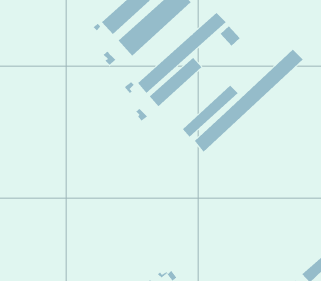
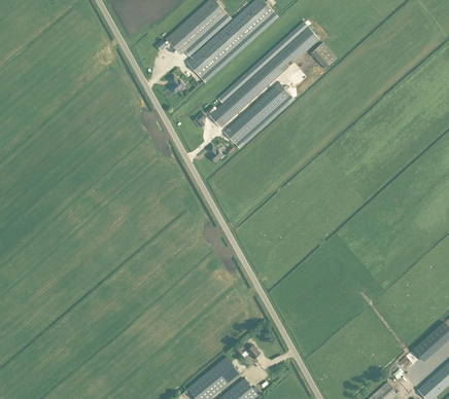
building: [194,49,303,152] -> none
building: [182,85,239,138] -> none

